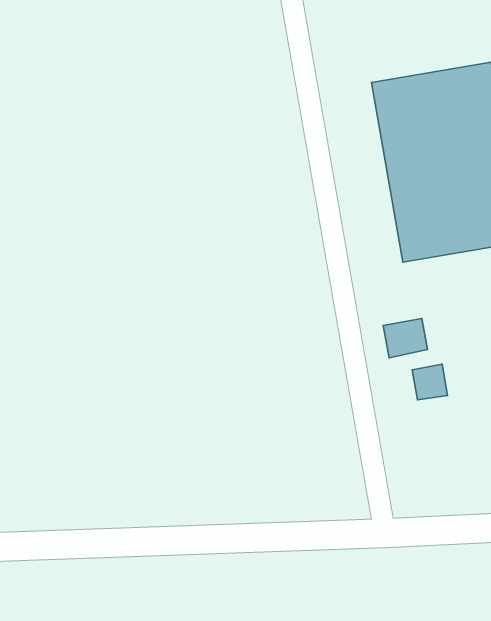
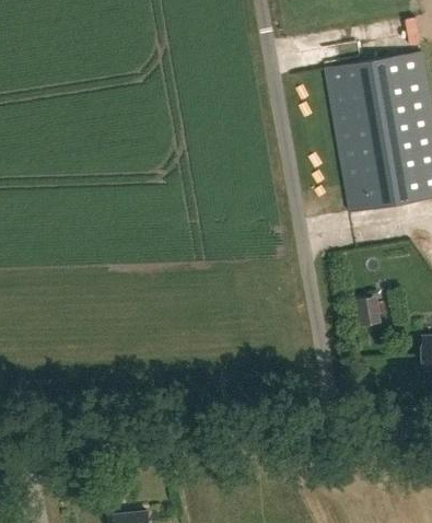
building: [383,319,427,358] -> none

